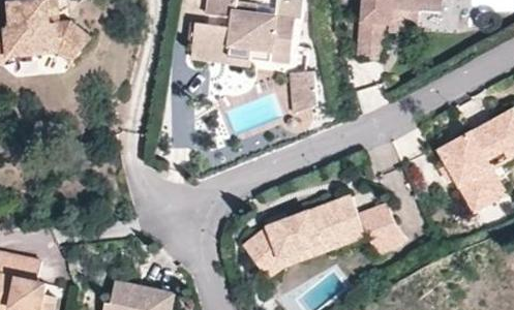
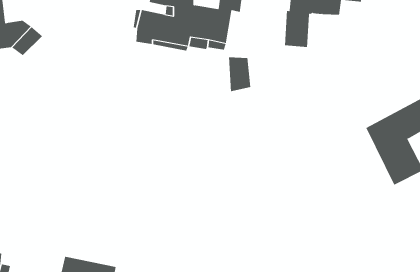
building: [240,195,402,269] -> none

